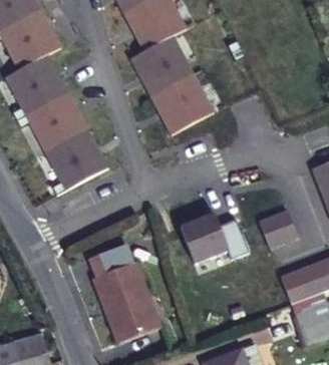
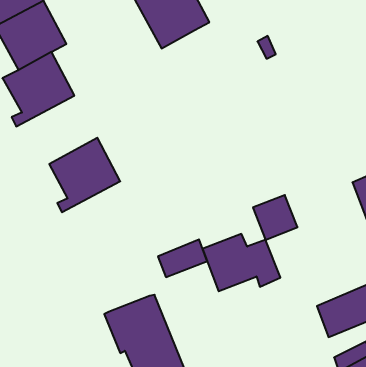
building: [130,35,214,134] -> none
building: [17,92,88,152] -> none
building: [259,210,298,249] -> [253,195,298,240]
building: [91,249,134,282] -> [158,239,207,277]

